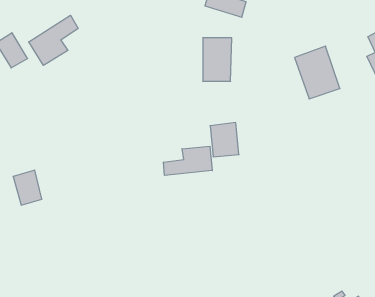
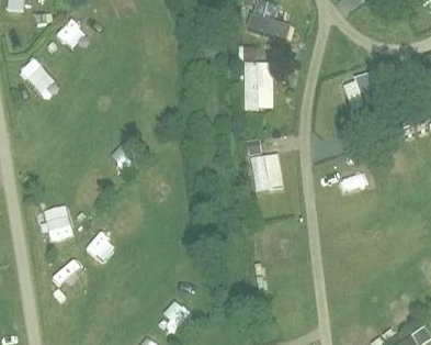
building: [29,15,78,65] -> none
building: [164,146,212,175] -> none

